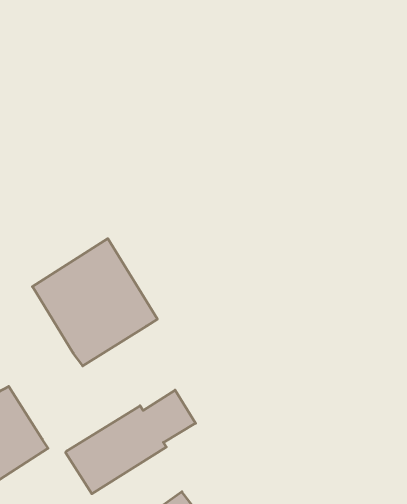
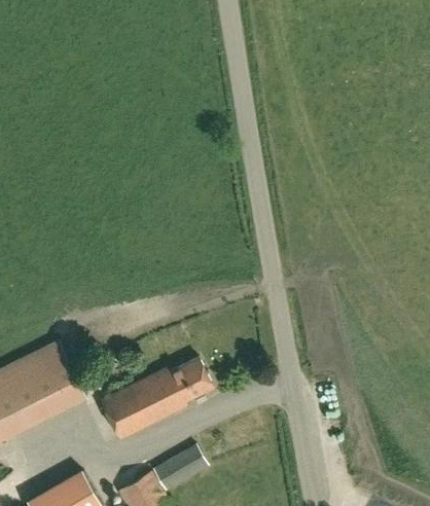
building: [32,239,157,366] -> none

